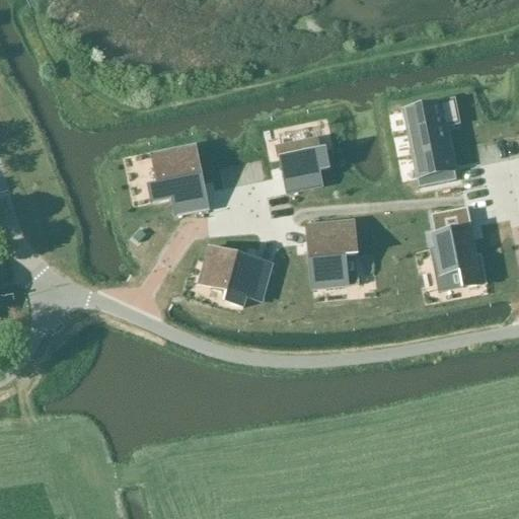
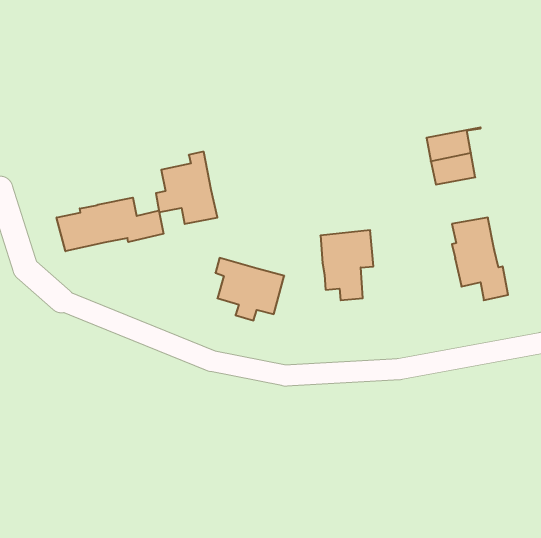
building: [403,97,460,132] -> none
building: [279,139,329,192] -> none
building: none -> [57,198,164,251]

